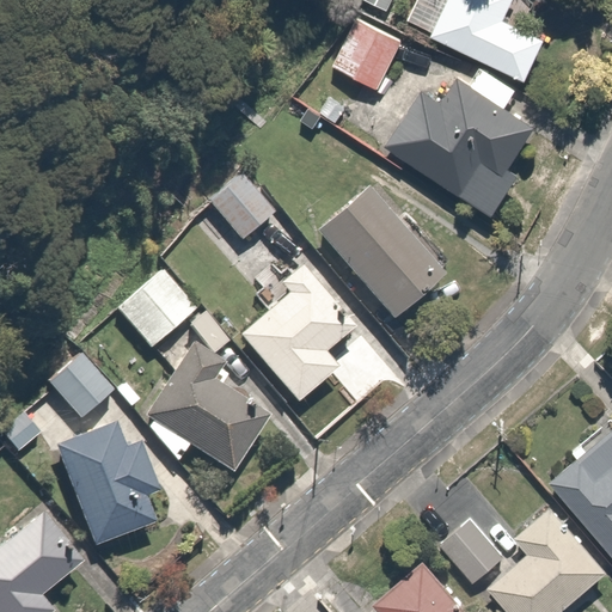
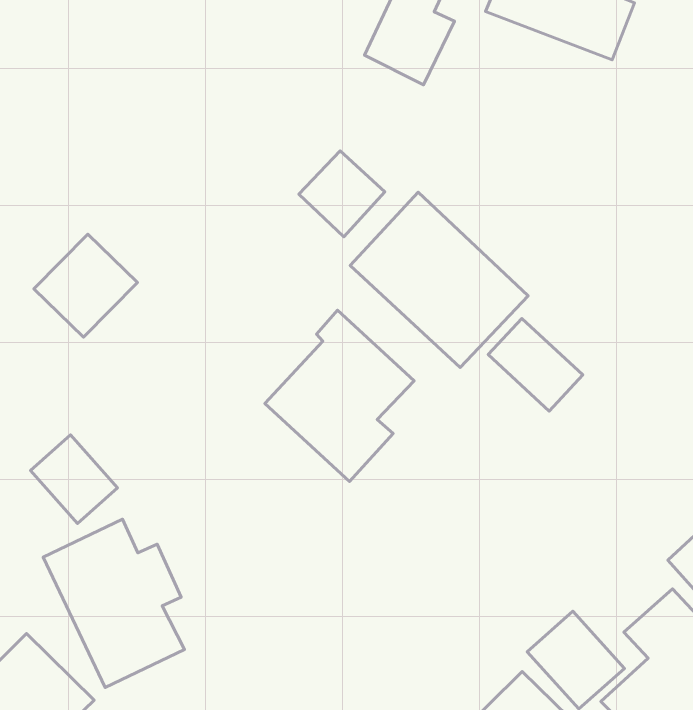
building: [384,67,538,218] -> none
building: [204,172,273,240] -> [299,151,385,237]
building: [115,270,197,351] -> [34,234,138,337]
building: none -> [488,318,583,411]
building: [140,337,269,476] -> none

